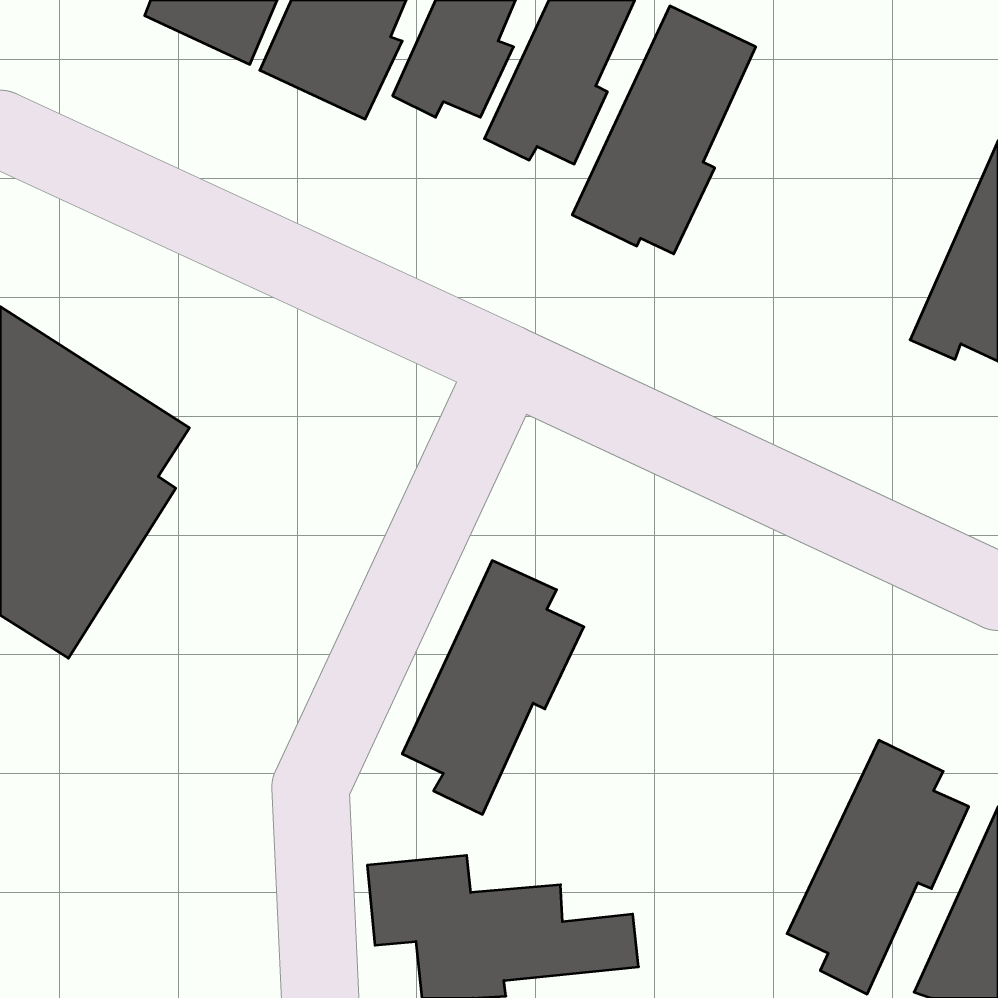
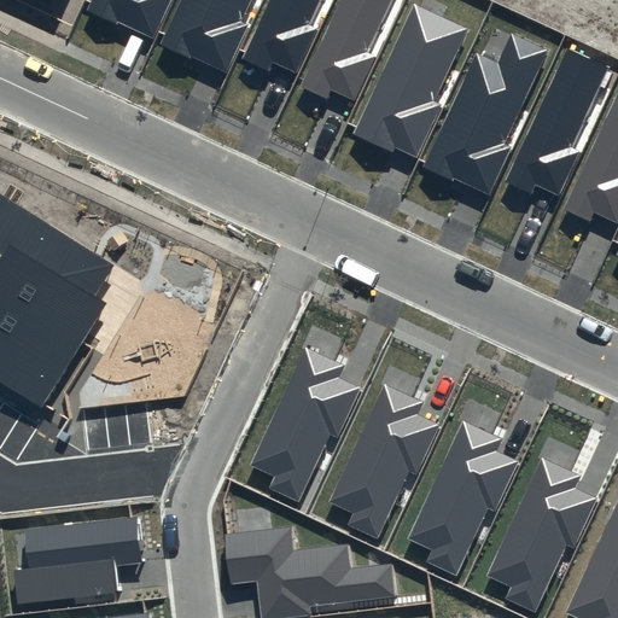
building: none -> [425,33,548,193]
building: none -> [505,47,610,196]
building: none -> [327,383,439,540]
building: none -> [407,420,519,577]
building: none -> [12,518,140,606]

